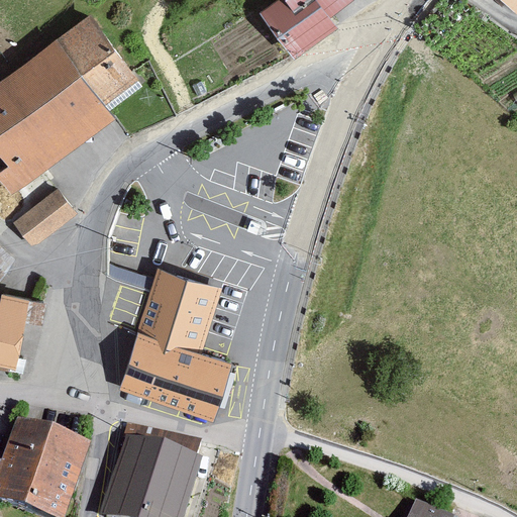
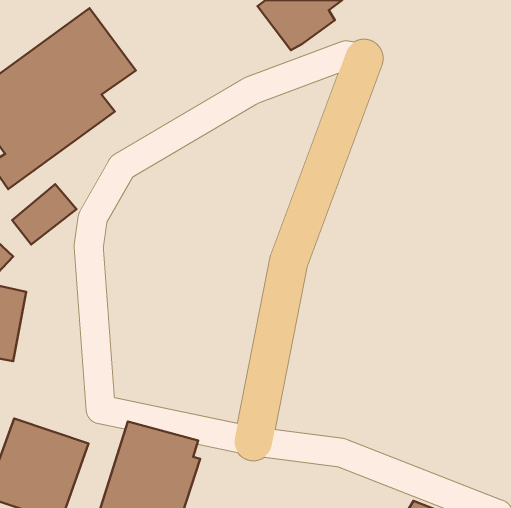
building: [117,269,229,421] -> none

